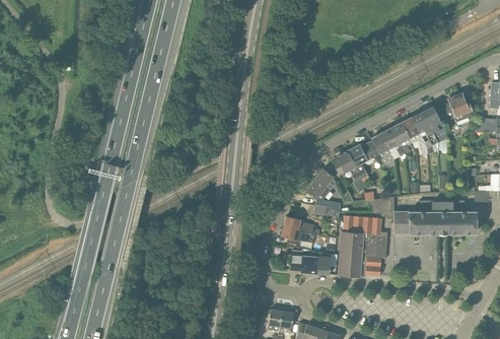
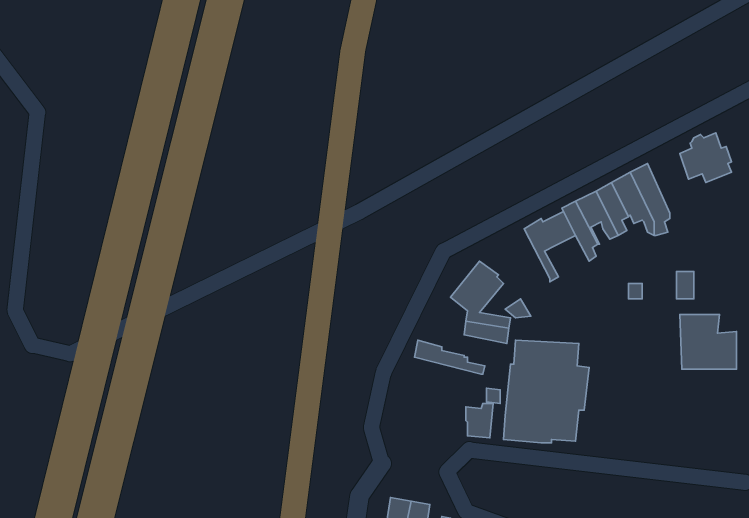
building: [422,106,446,144] -> none
building: [331,150,364,186] -> none
building: [372,197,442,233] -> none
building: [281,226,324,246] -> none
building: [290,251,315,273] -> none

